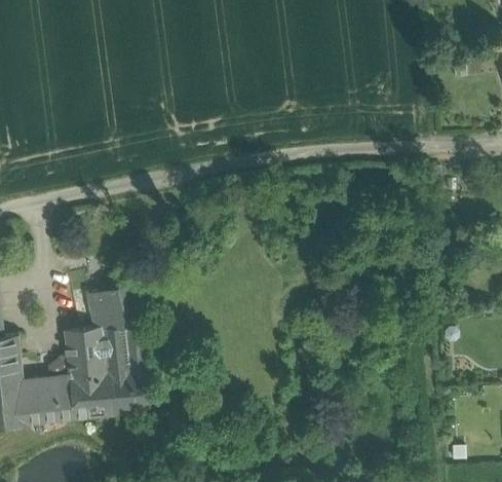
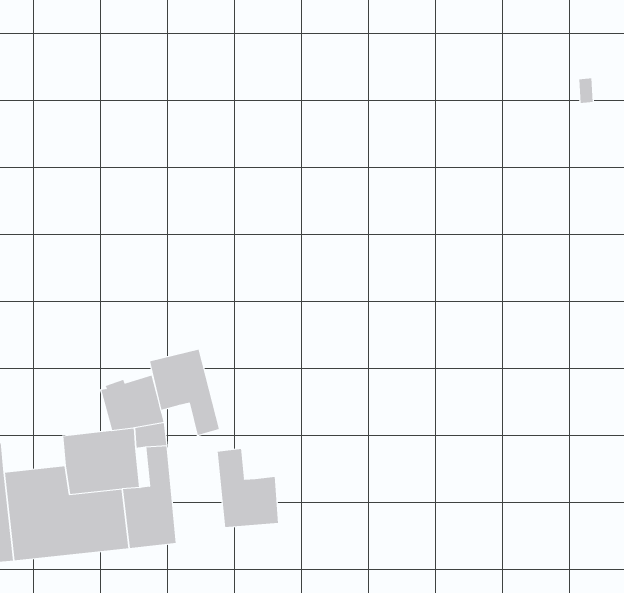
building: none -> [150,349,220,436]
building: none -> [217,448,279,528]

